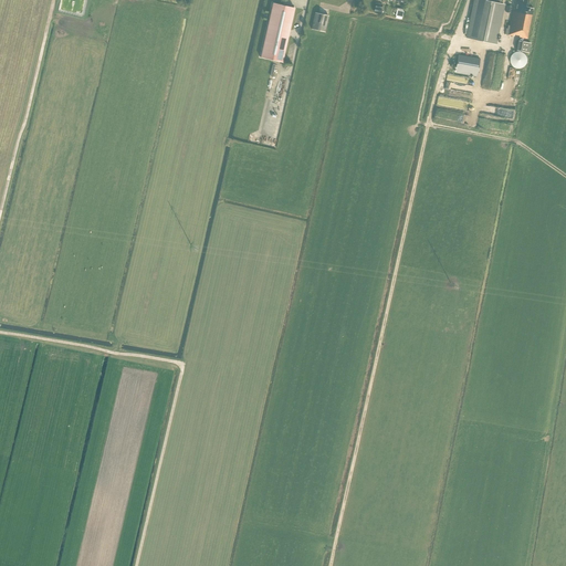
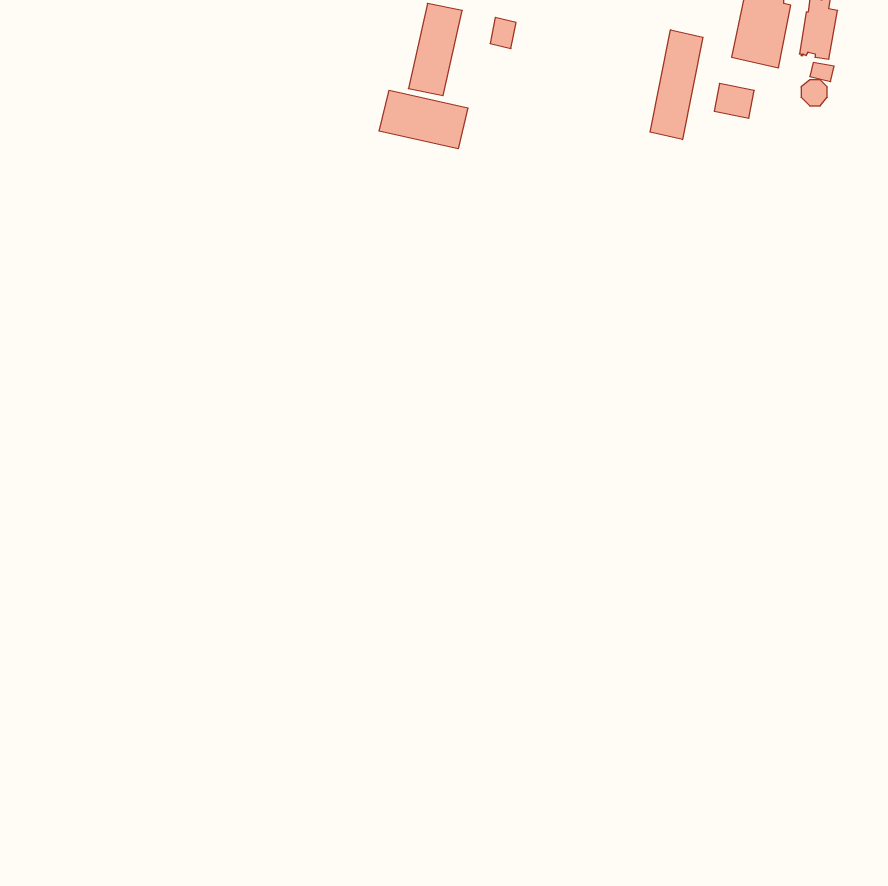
building: none -> [650,30,703,140]
building: none -> [379,90,468,149]

